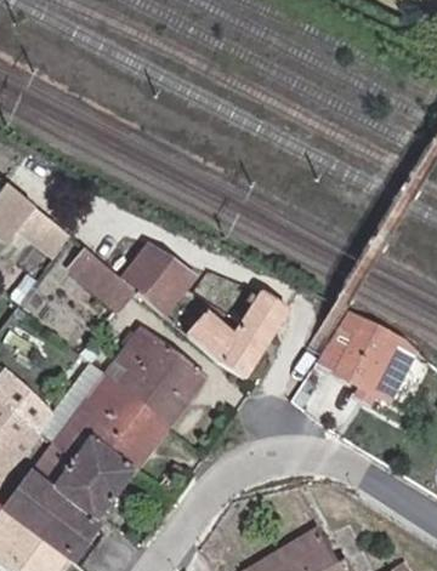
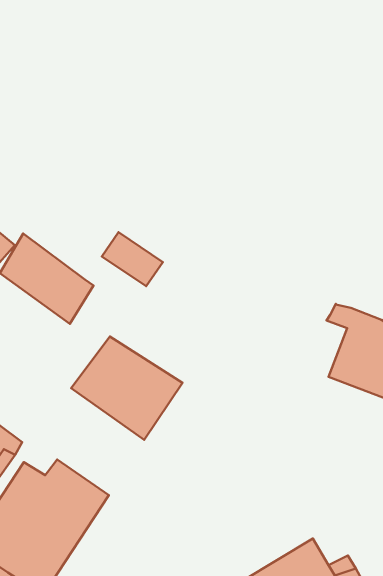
building: [125,259,180,310] -> none
building: [192,295,289,378] -> none
building: [56,376,166,475] -> none

